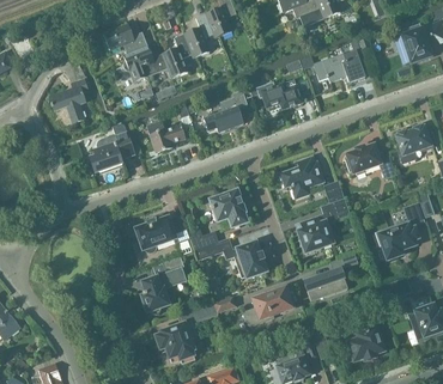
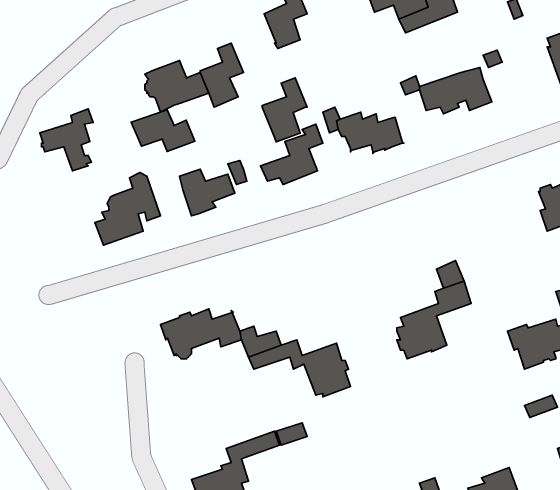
building: [183,13,214,57] -> [262,78,307,142]
building: [103,24,147,53] -> [131,110,195,151]
building: [345,145,395,178] -> none
building: [281,158,323,197] -> none
building: [210,189,250,227] -> none
building: [304,254,358,300] -> none
building: [141,256,187,315] -> none
building: [244,287,292,325] -> none

